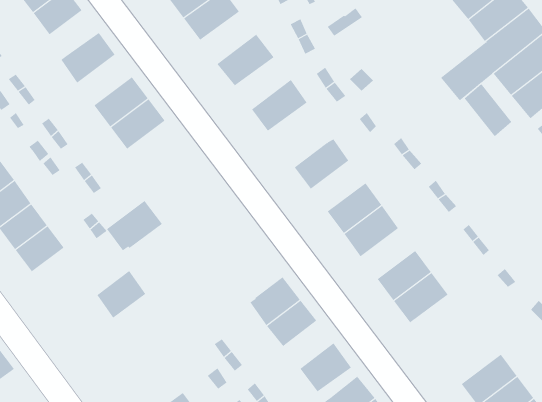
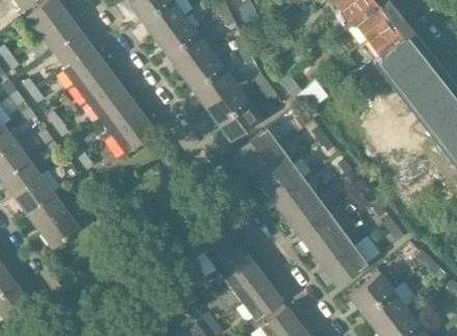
building: none -> [54,31,91,66]
building: none -> [167,32,210,72]
building: none -> [75,64,116,103]
building: none -> [193,67,236,106]
building: [464,83,512,137] -> none
building: none -> [218,101,262,140]
building: none -> [250,145,292,183]
building: [106,200,163,251] -> [112,114,155,153]
building: none -> [288,196,329,234]
building: [96,270,146,319] -> [41,210,78,247]
building: none -> [325,245,368,285]
building: none -> [230,265,268,302]
building: none -> [350,273,394,313]

